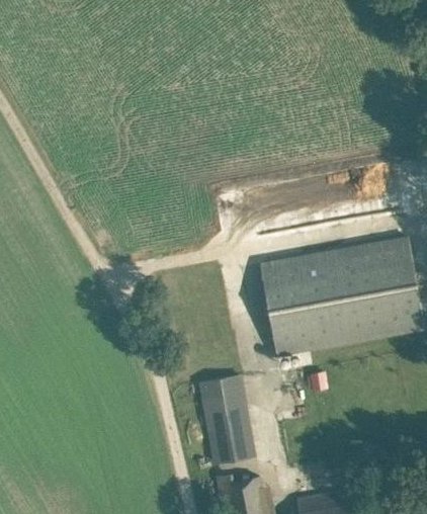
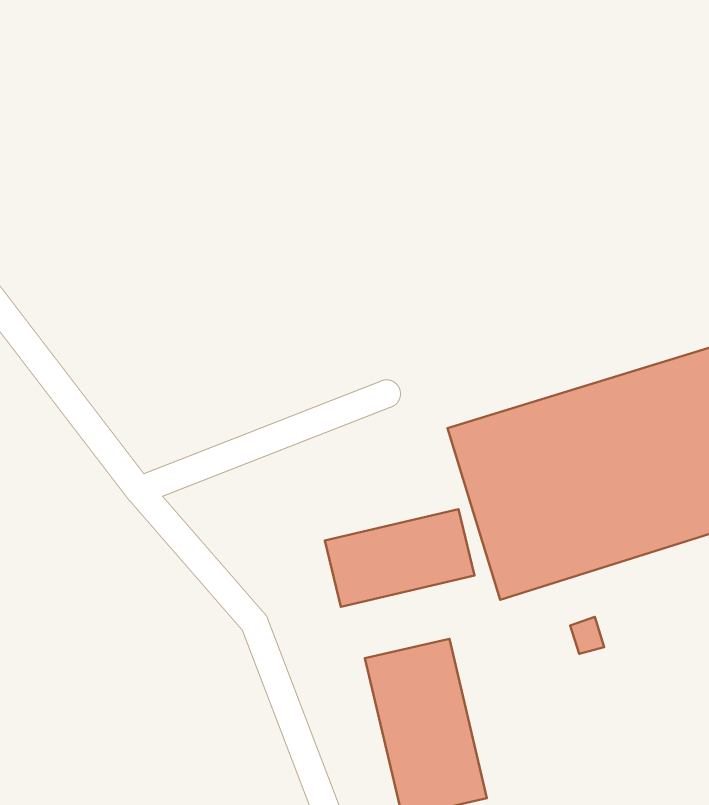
building: none -> [325,509,475,607]

